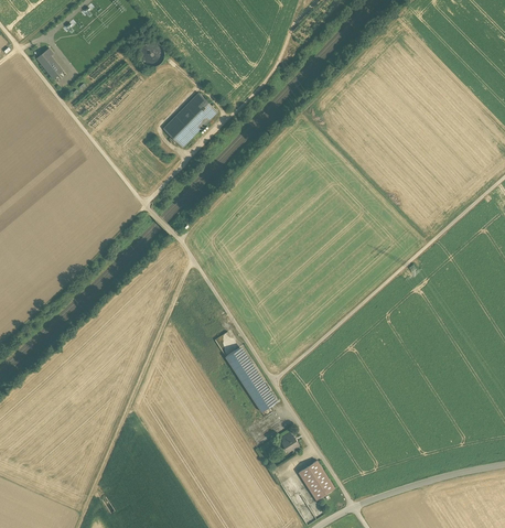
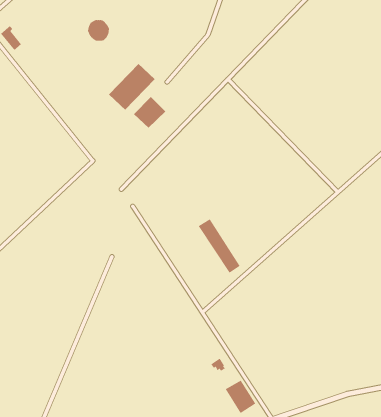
building: none -> [133,96,166,129]
building: [226,346,276,410] -> [198,219,241,274]

